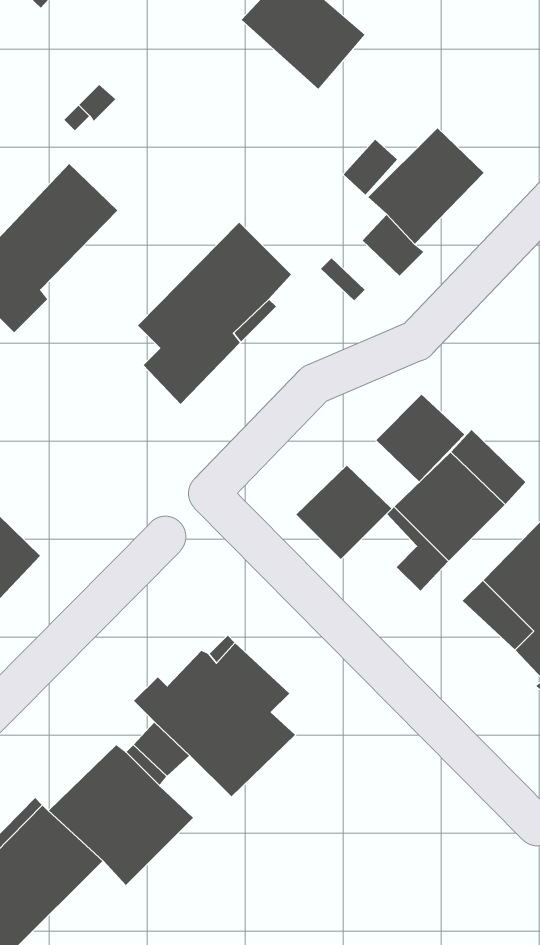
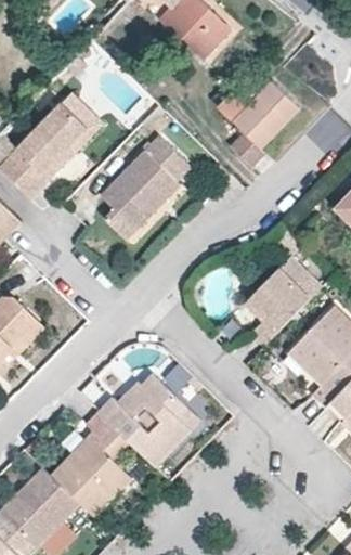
building: none -> [44,91,103,180]
building: [375,394,465,482] -> none
building: [295,465,392,560] -> none

